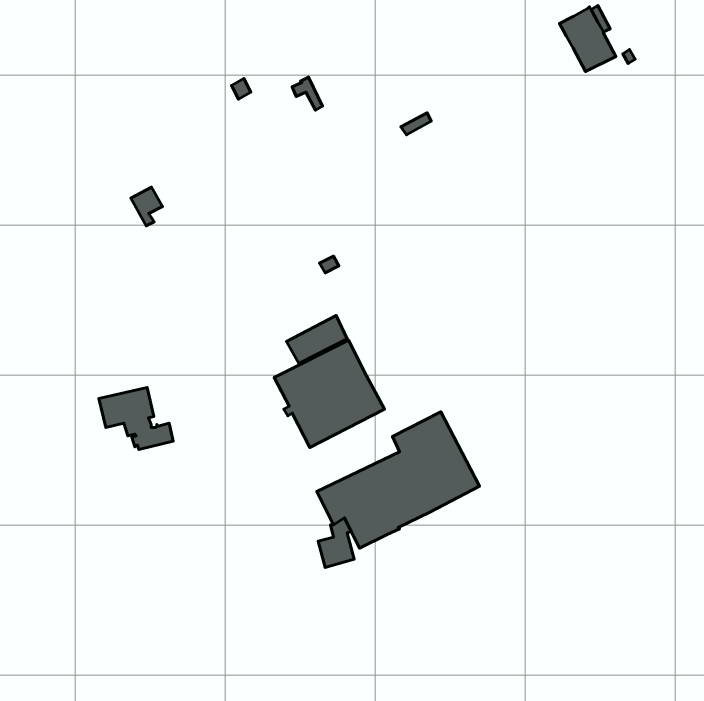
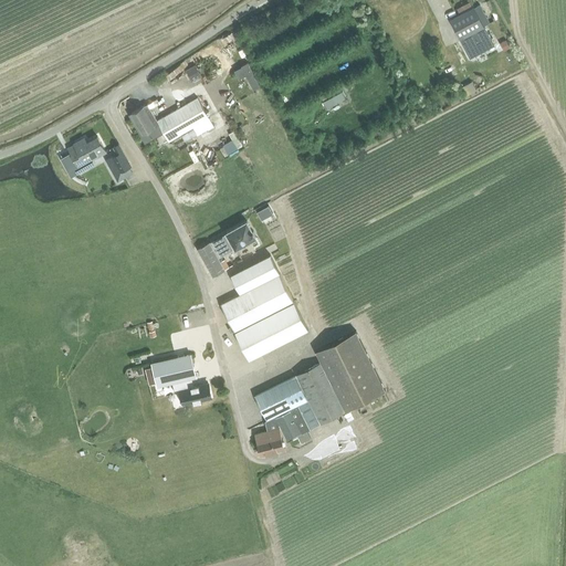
building: none -> [129,99,209,143]
building: none -> [64,138,106,169]
building: none -> [198,221,258,279]
building: [99,387,173,449] -> [151,356,211,406]

